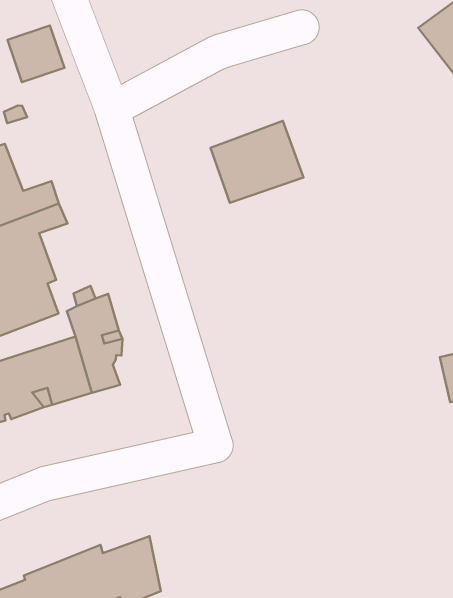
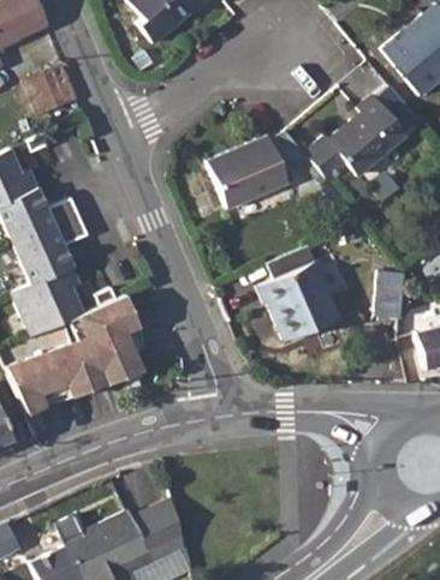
building: none -> [305,95,405,184]
building: none -> [257,263,339,341]
building: none -> [375,269,403,316]

